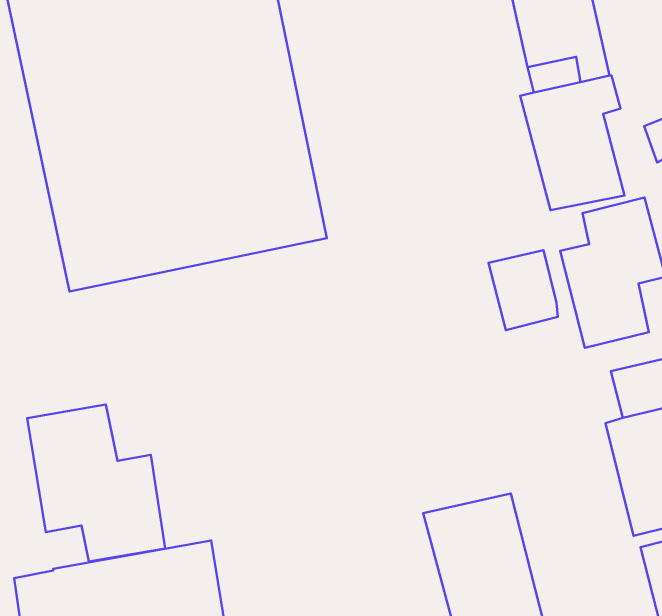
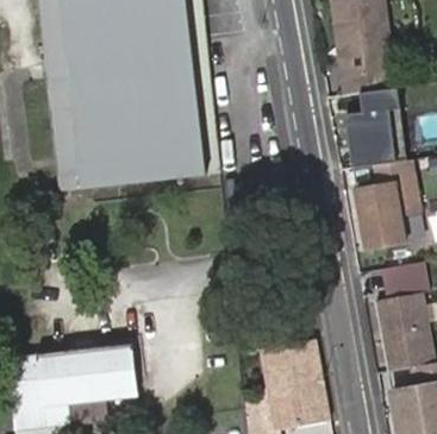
building: [489,250,558,330] -> none
building: [27,405,165,561] -> none

